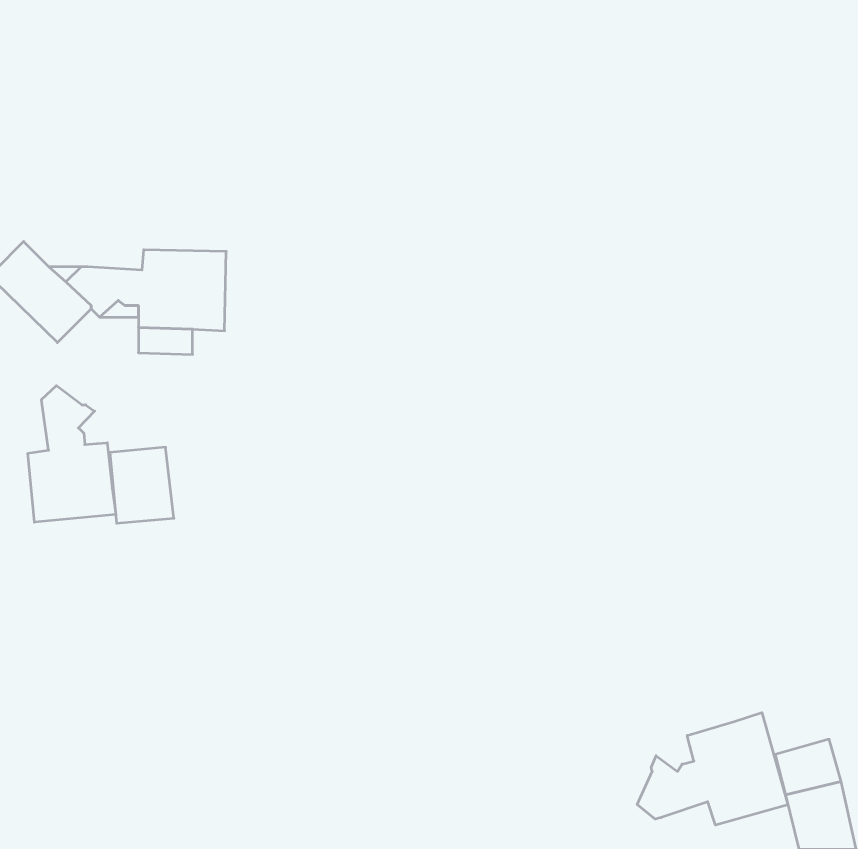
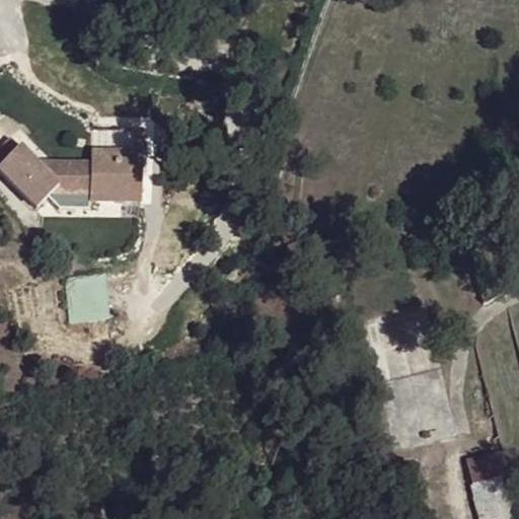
building: [28,386,116,522] -> none
building: [637,713,788,825] -> none

